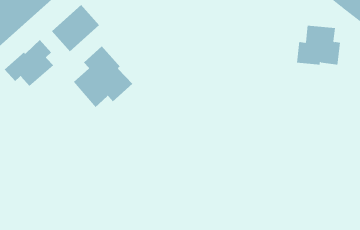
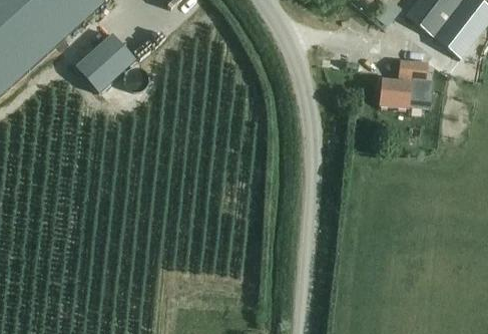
building: [4,39,54,87] -> none
building: [73,46,133,108] -> none

